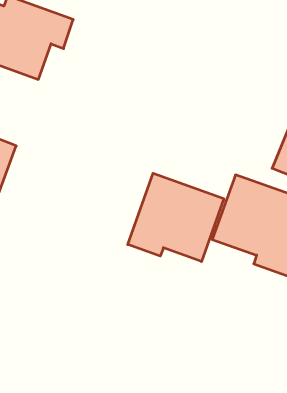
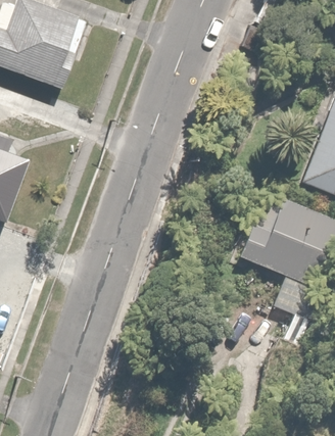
building: [128,173,224,262] -> none

